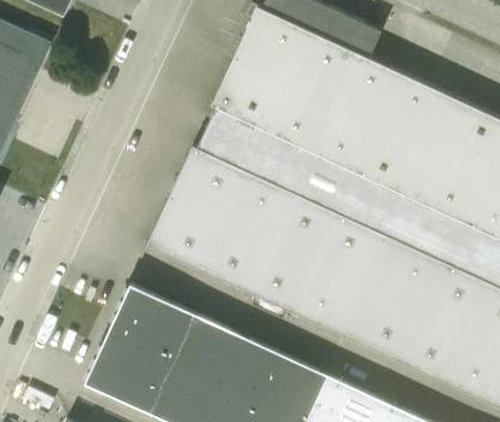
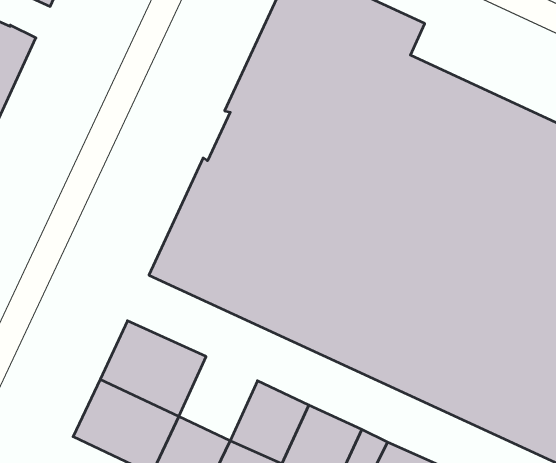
building: [173,312,239,383] -> none

